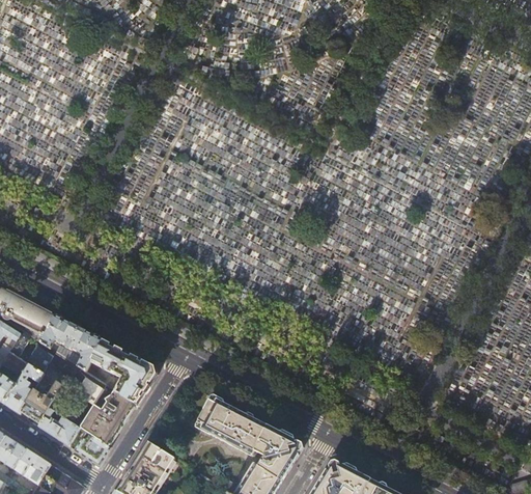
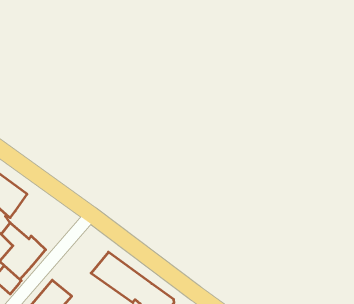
building: [89,340,156,407] -> none

